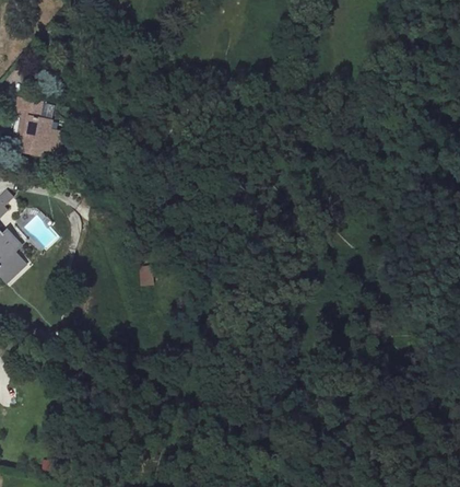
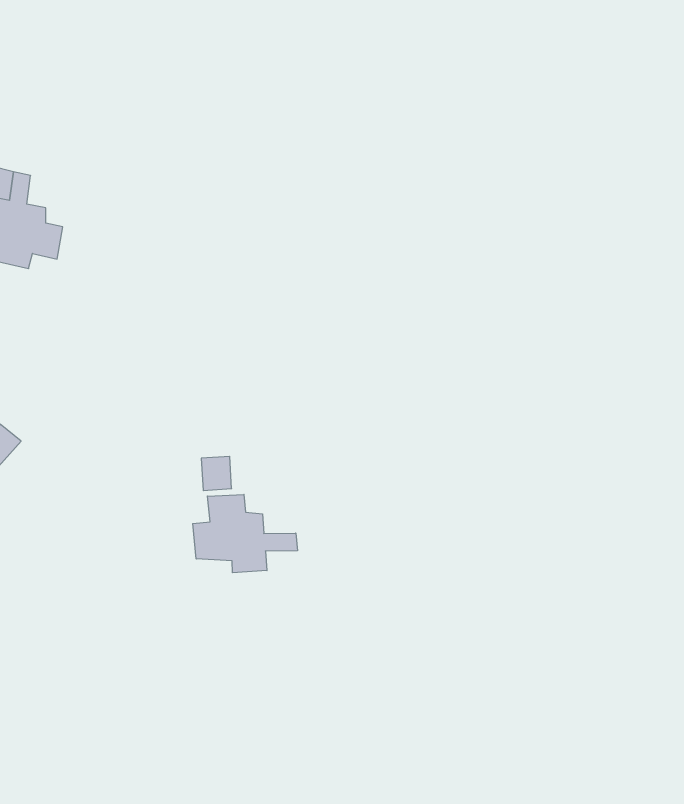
building: none -> [193,494,297,573]

